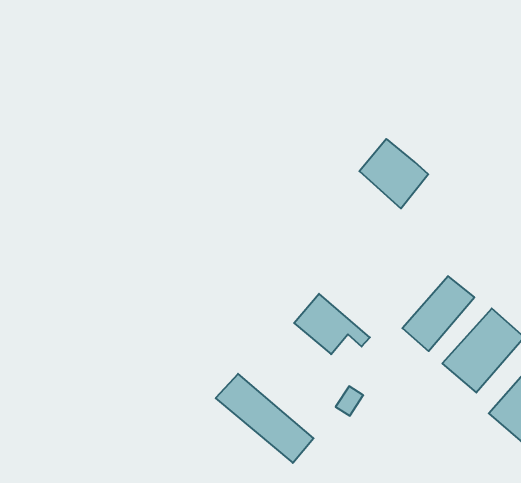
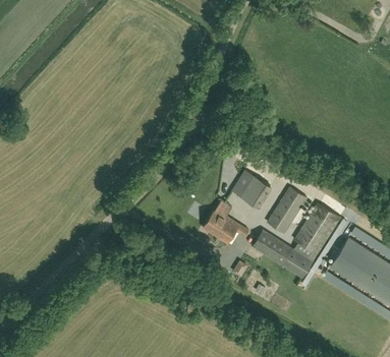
building: [359,139,428,208] -> [232,169,273,209]
building: [216,374,314,463] -> [252,230,313,278]

